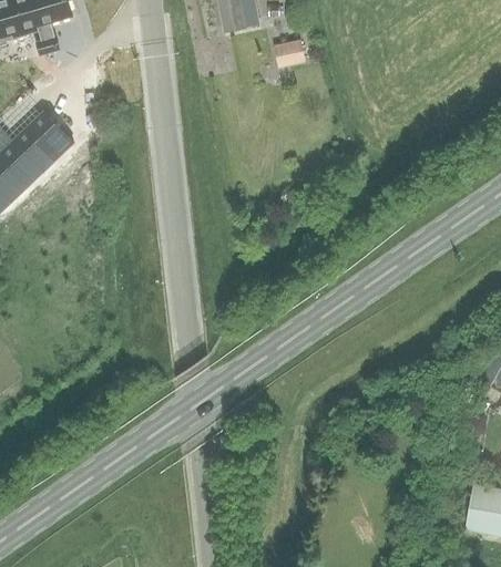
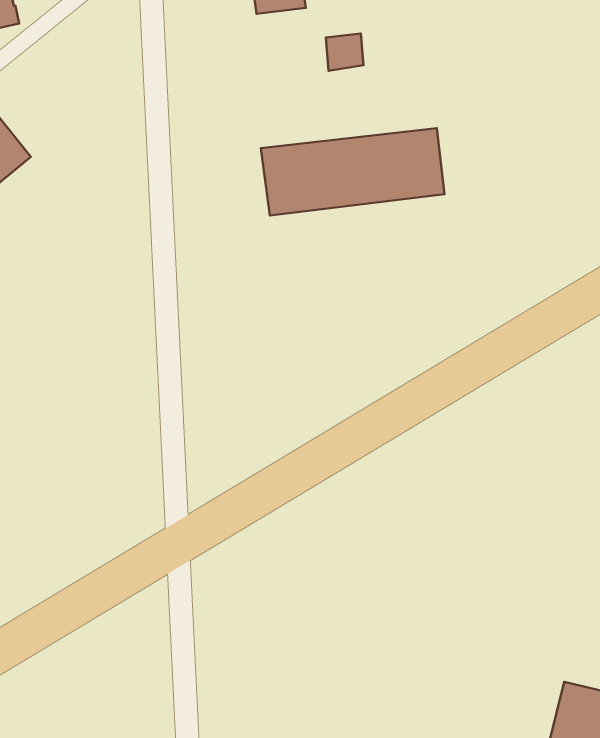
building: none -> [261,128,444,216]

